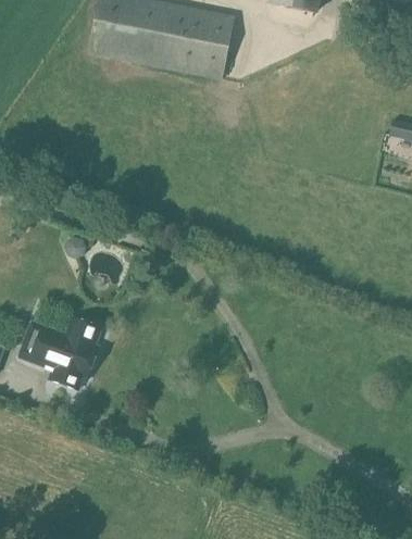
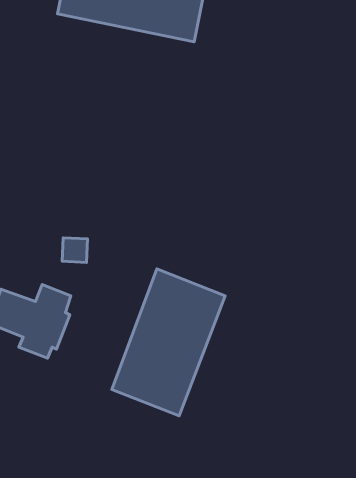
building: none -> [112,269,225,416]

